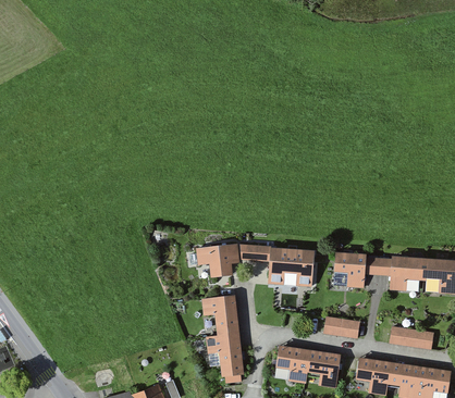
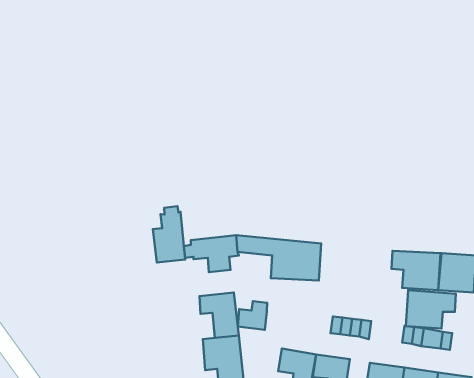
building: none -> [153,206,185,263]
building: [334,253,380,288] -> [406,290,456,328]
building: none -> [238,301,267,330]

